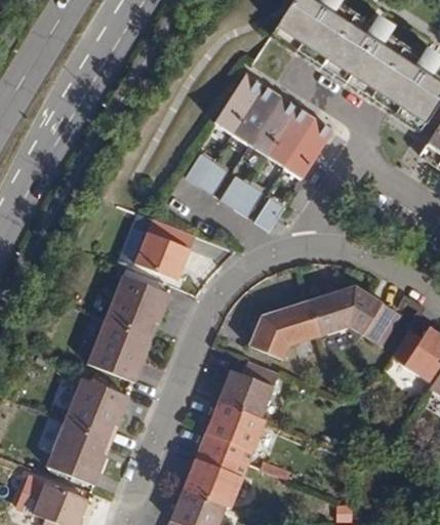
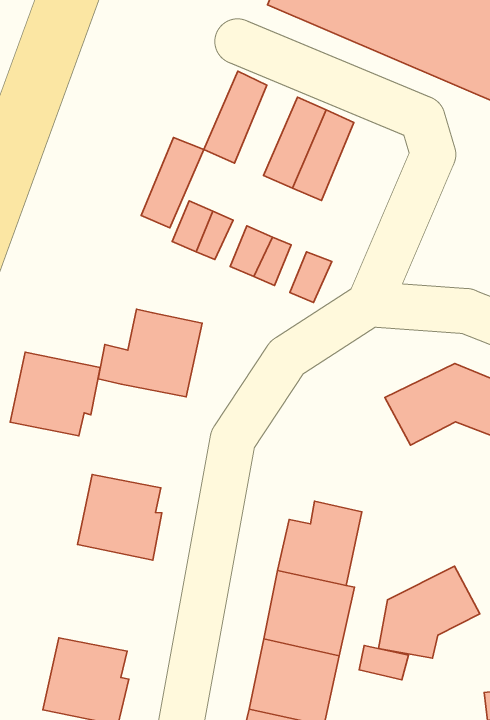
building: [234,85,282,144] -> [141,137,204,228]
building: [286,119,334,177] -> none
building: [107,275,171,335] -> [10,352,100,436]
building: [247,301,317,359] -> [379,566,480,658]
building: [67,377,131,438] -> none

